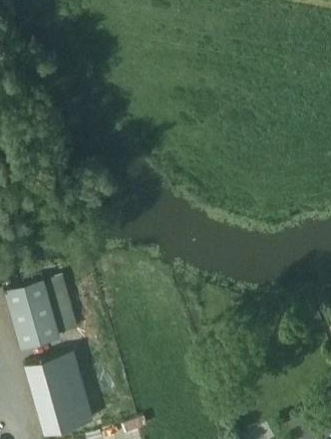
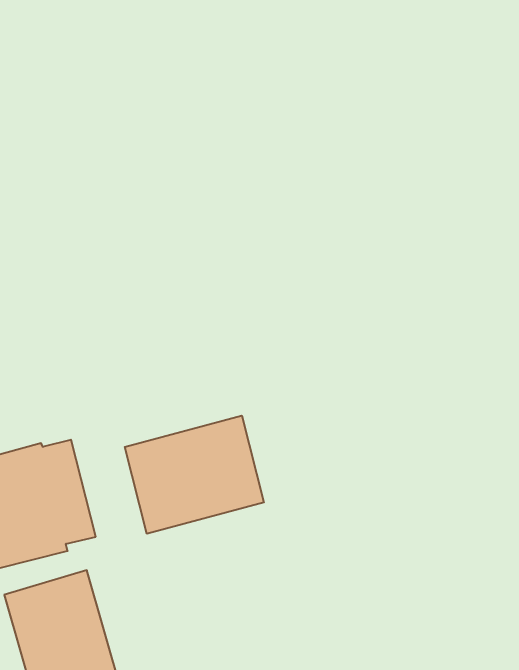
building: none -> [125,416,264,534]

